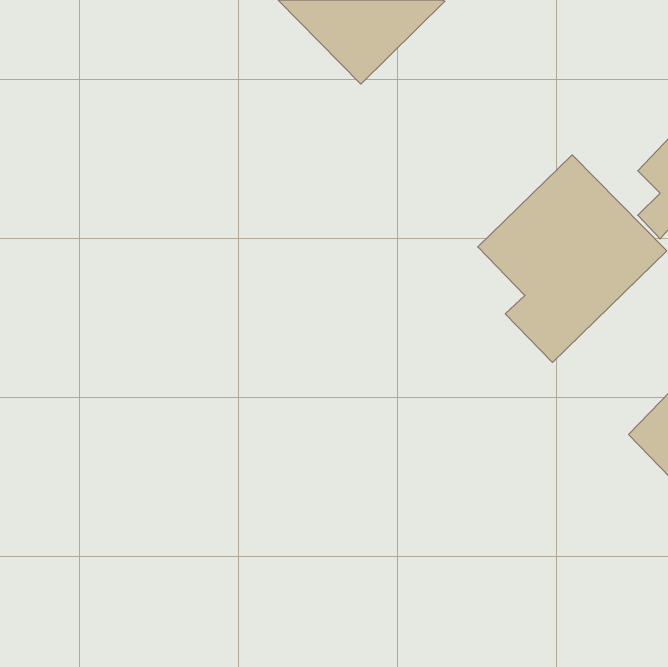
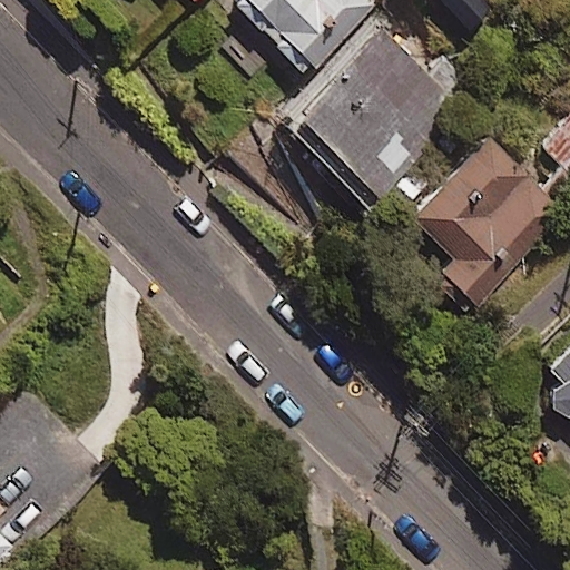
building: none -> [303,29,461,187]

